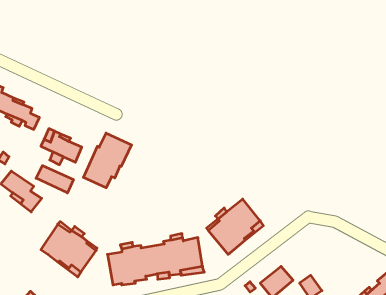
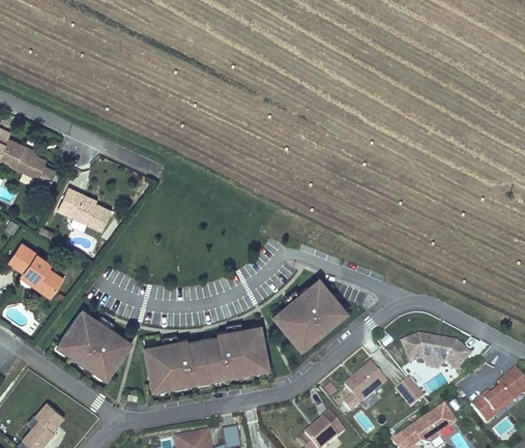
building: [83,133,132,188] -> none
building: [36,166,73,193] -> none
building: none -> [401,338,468,374]

